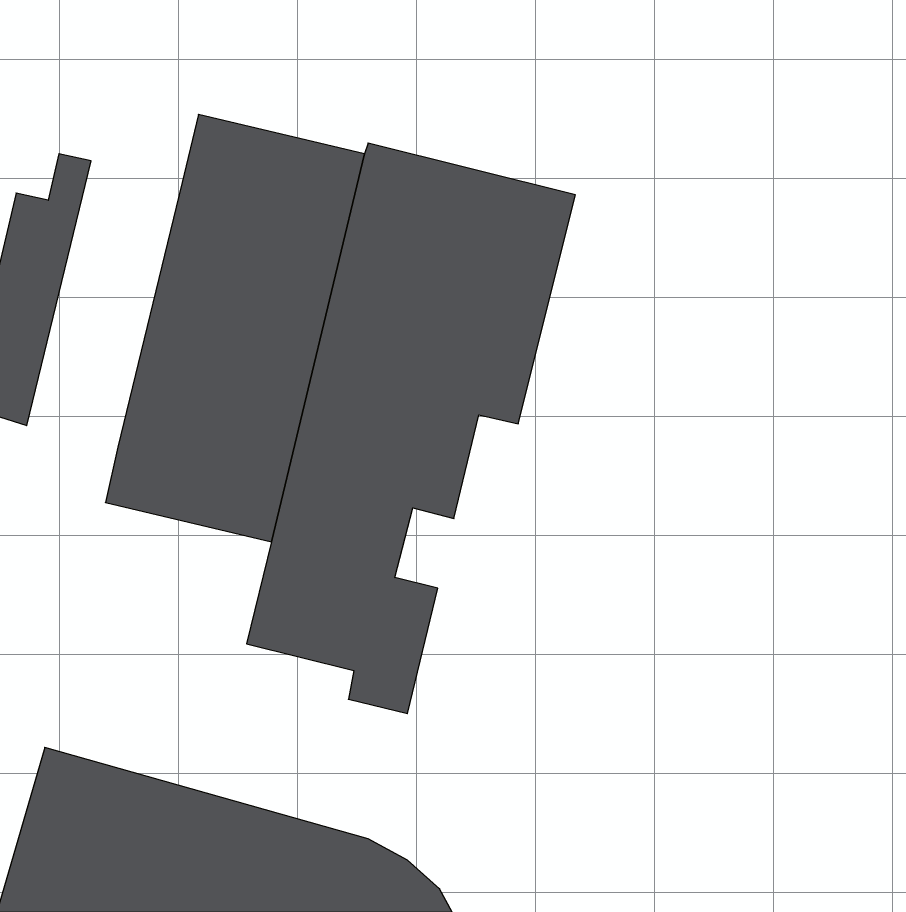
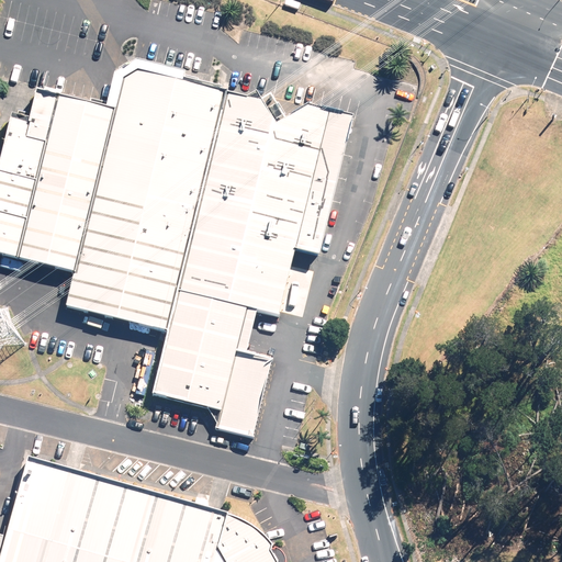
building: none -> [16,99,112,274]

